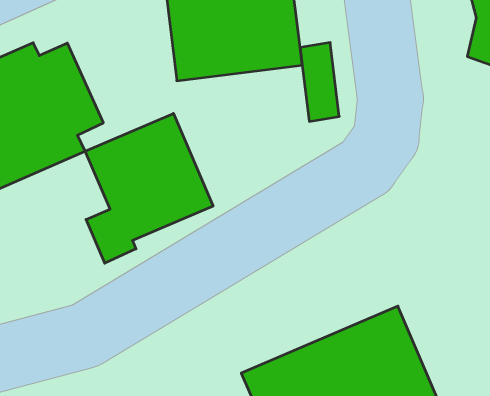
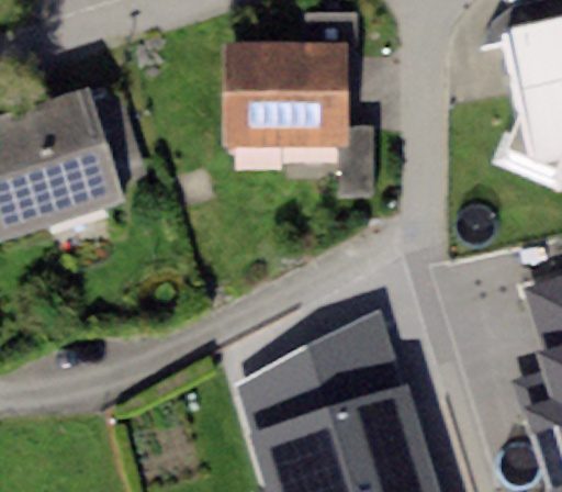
building: [85,113,213,263] -> none
building: none -> [237,309,409,436]

